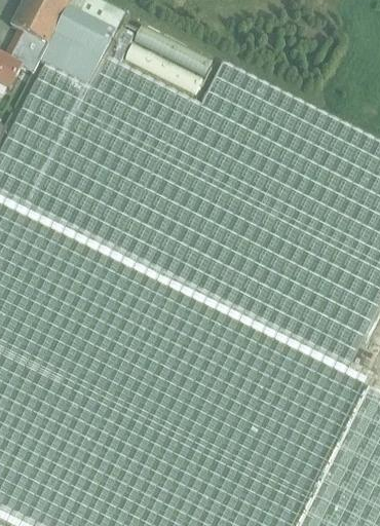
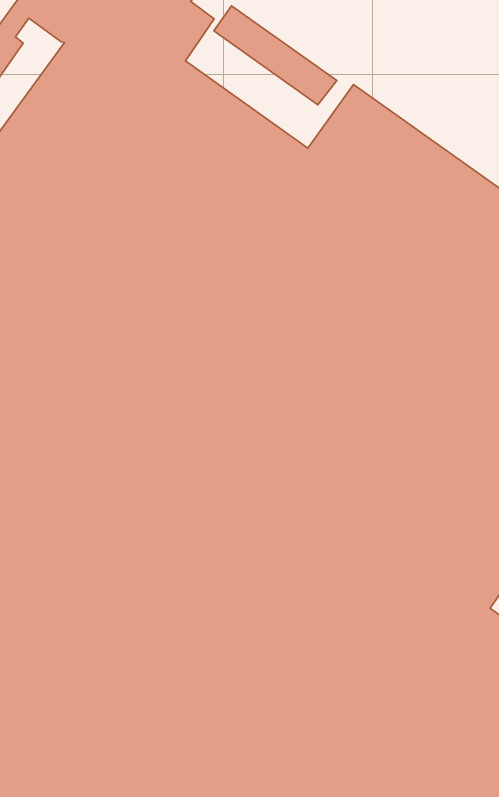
building: [124,48,202,98] -> none

